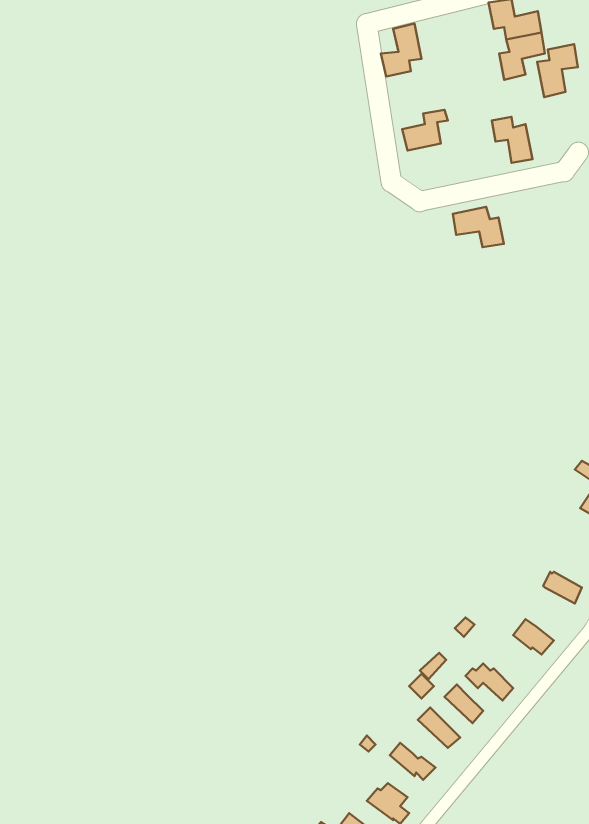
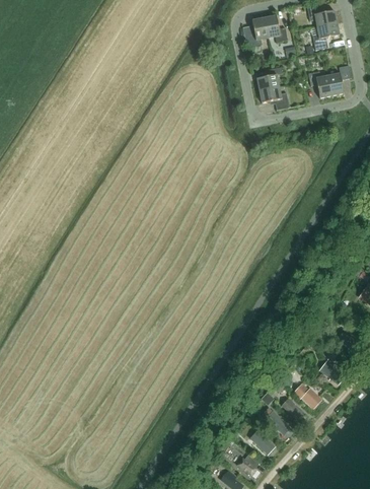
building: none -> [264,15,288,42]
building: [537,44,578,97] -> [327,65,351,95]
building: [453,207,504,247] -> [260,86,289,110]

